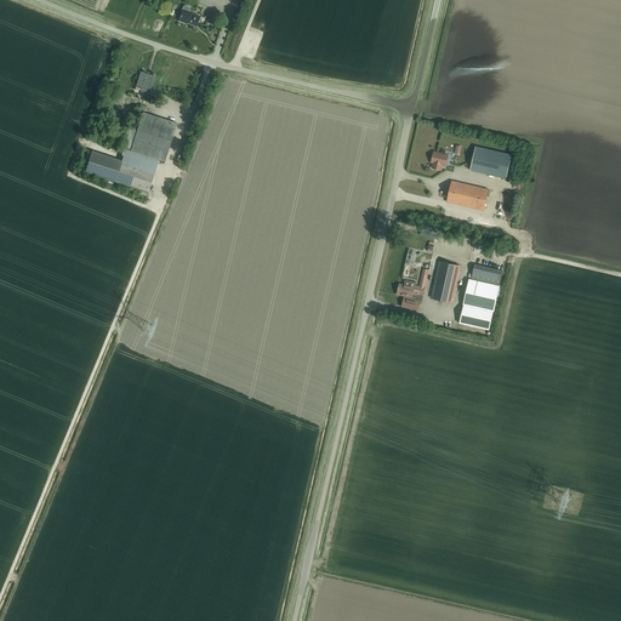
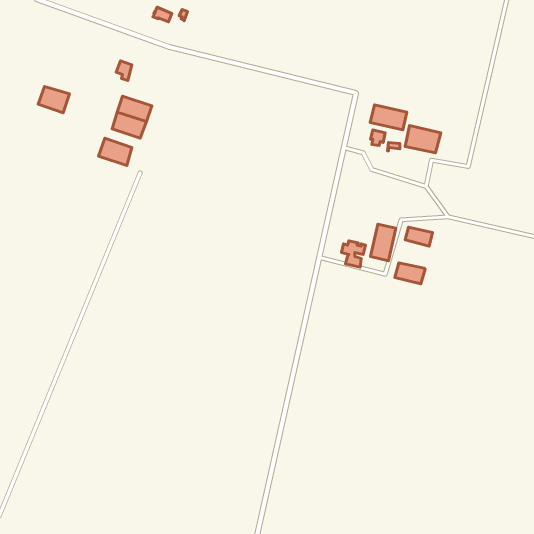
building: [84,150,120,181] -> [38,87,70,113]
building: [445,180,488,209] -> [370,105,407,130]
building: [462,278,497,310] -> none

